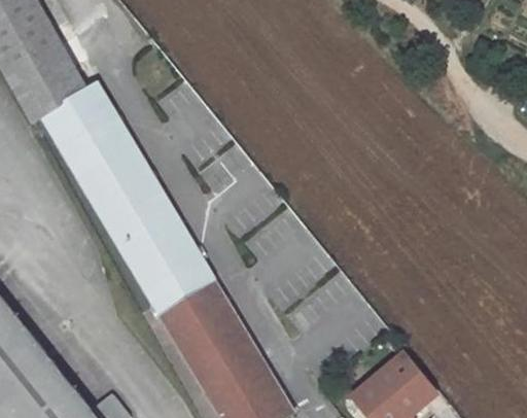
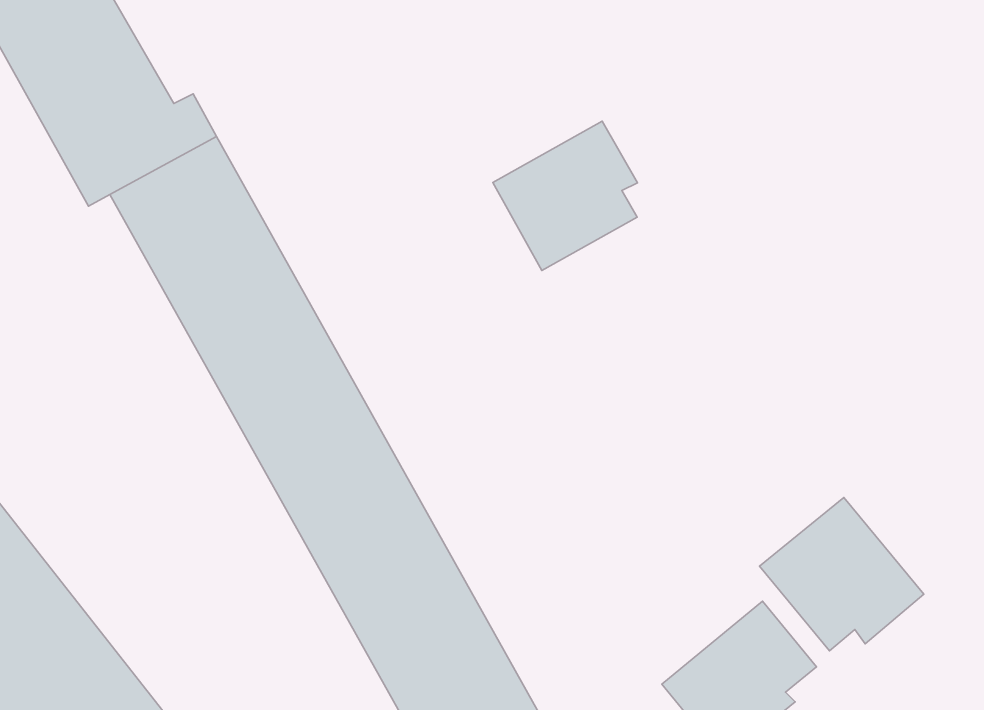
building: none -> [493,121,638,270]
building: none -> [760,497,924,651]

